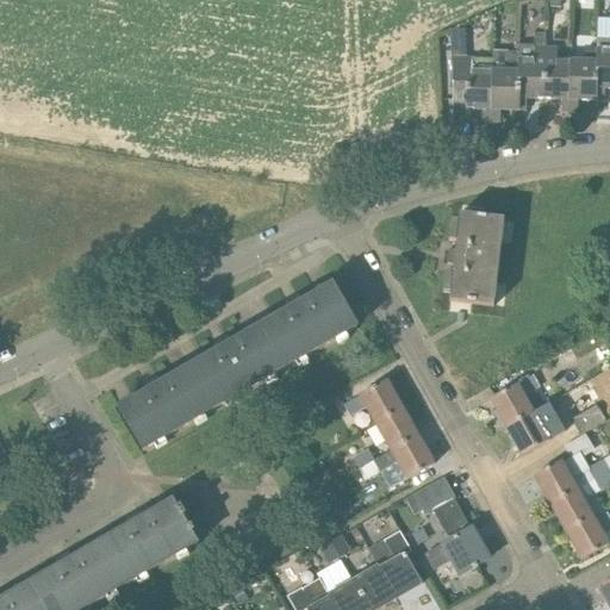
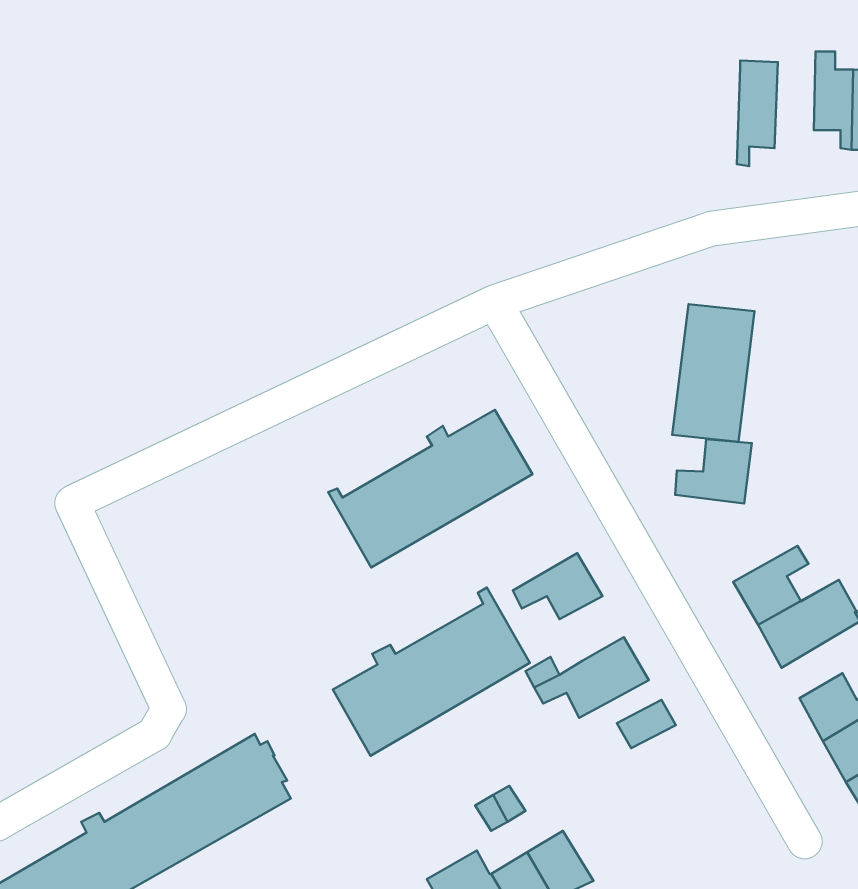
building: [517,31,544,107] -> none
building: [452,52,494,118] -> none
building: none -> [675,439,752,503]
building: [118,336,249,448] -> [333,588,530,756]
building: [374,405,417,448] -> none
building: [425,500,488,572] -> none
building: [368,528,422,595] -> none

